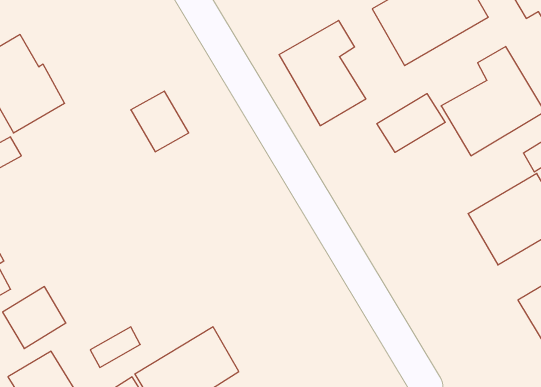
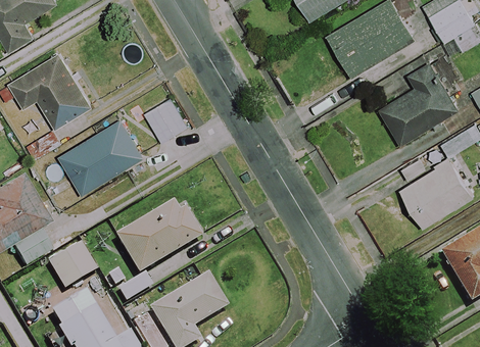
building: [279,20,366,126] -> none
building: [377,94,445,152] -> none
building: none -> [58,119,143,194]
building: none -> [113,199,201,276]

